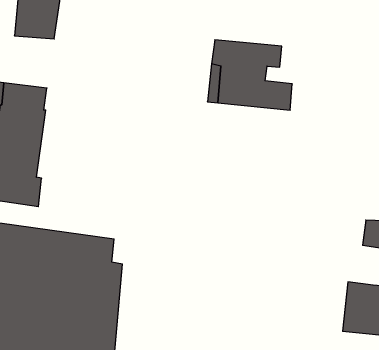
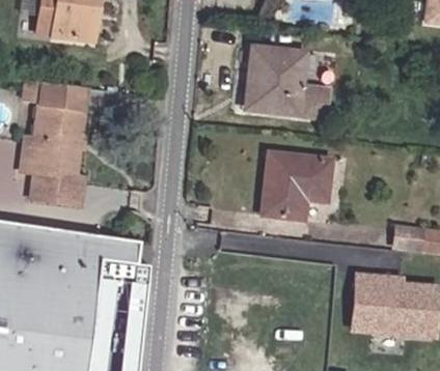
building: none -> [260,153,329,218]
building: none -> [351,276,402,332]

